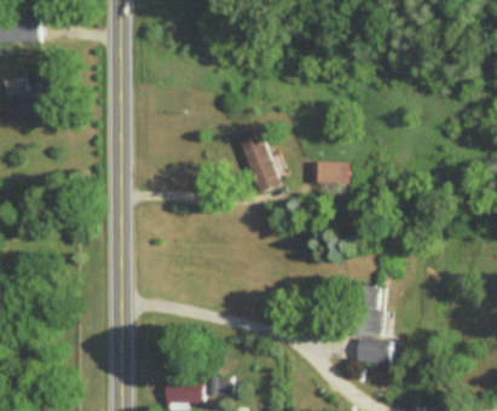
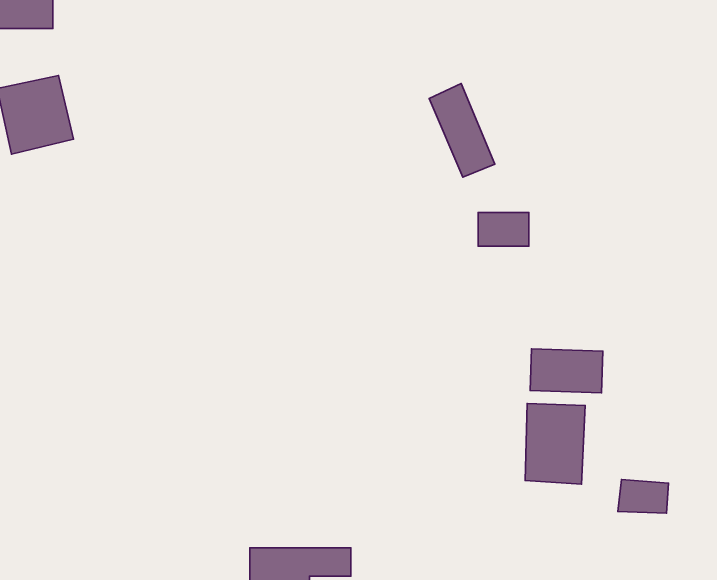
building: [239,133,282,193] -> [429,83,495,177]
building: none -> [530,349,603,393]
building: [358,340,391,361] -> [618,480,668,513]

